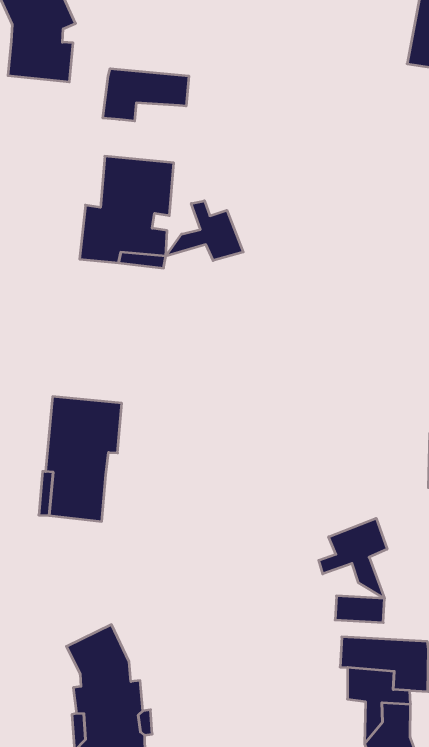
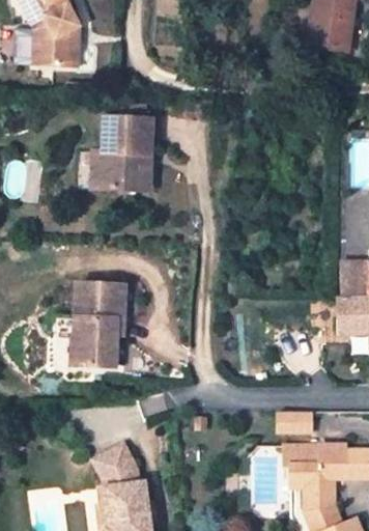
building: [103,69,189,121] -> none
building: [166,201,243,261] -> none
building: [319,518,387,598] -> none

